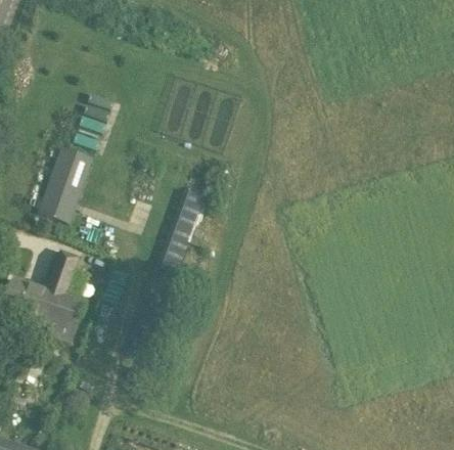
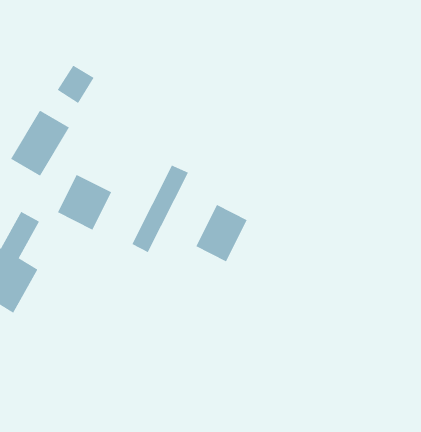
building: none -> [57,174,112,230]
building: none -> [196,204,248,262]

